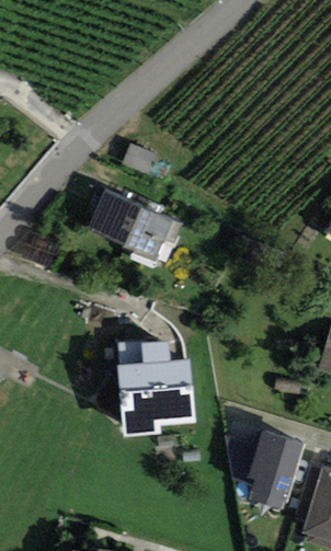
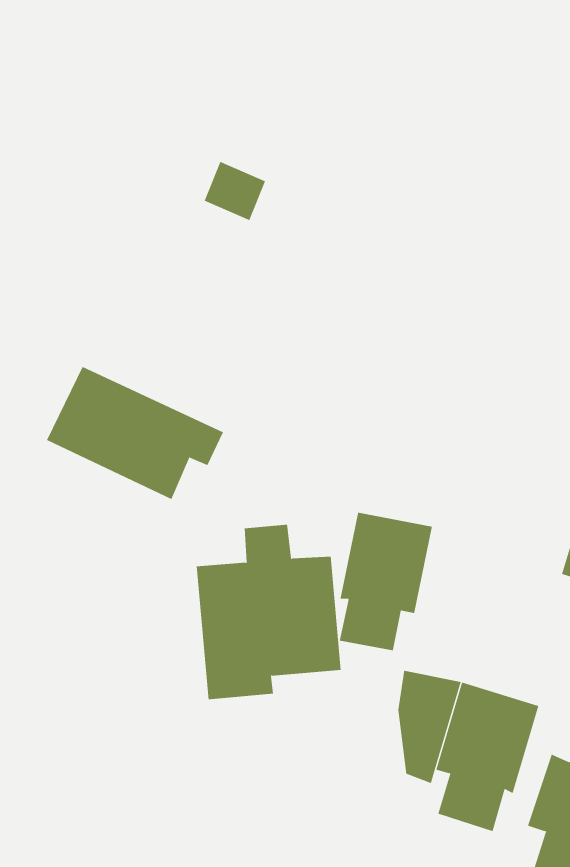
building: [85,188,183,262] -> [46,366,224,500]
building: none -> [339,512,433,651]

